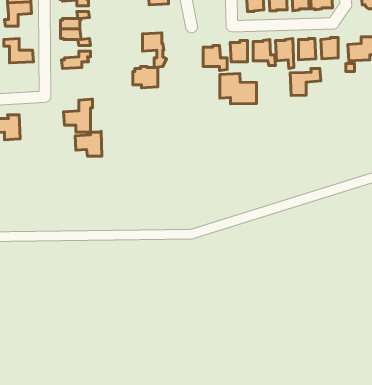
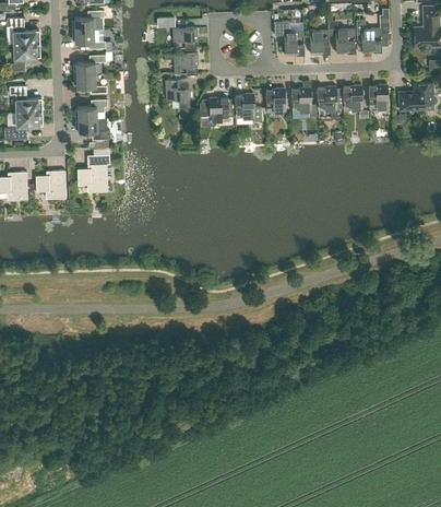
building: none -> [165,54,198,73]
building: none -> [13,111,43,139]
building: [133,67,158,88] -> [200,97,228,121]
building: none -> [75,118,108,140]
building: [290,68,321,95] -> none
building: [220,73,257,104] -> none
building: [75,131,102,156] -> [35,169,65,198]

